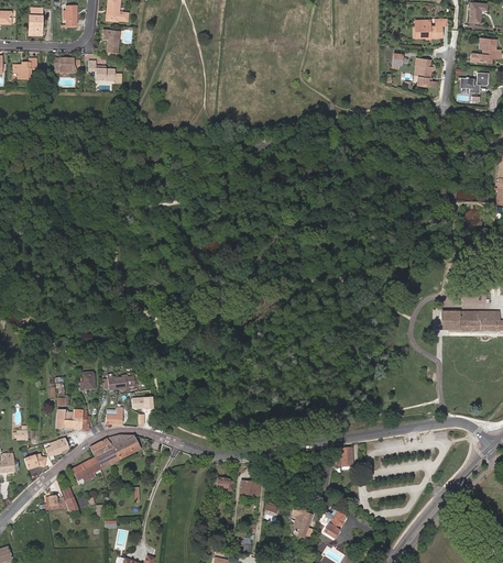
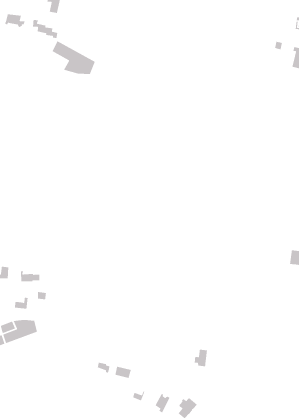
building: none -> [52,40,96,75]

